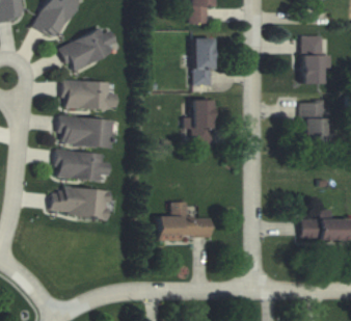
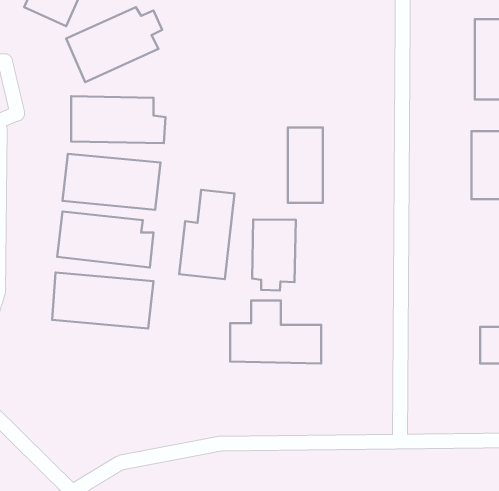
building: [193,38,212,84] -> none
building: none -> [179,190,234,279]
building: none -> [252,219,296,290]

